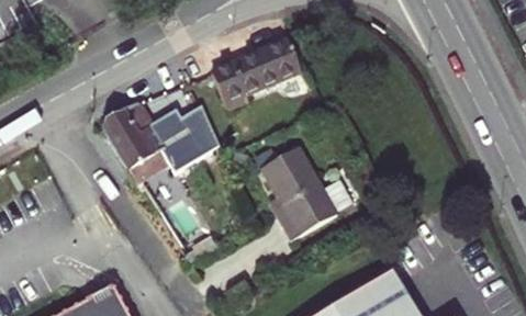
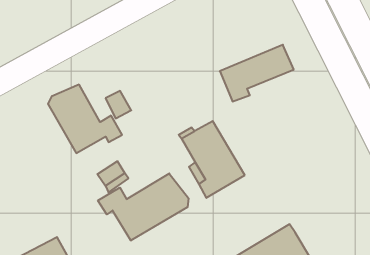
building: [213,38,302,106] -> [220,45,294,101]
building: none -> [98,173,188,241]

